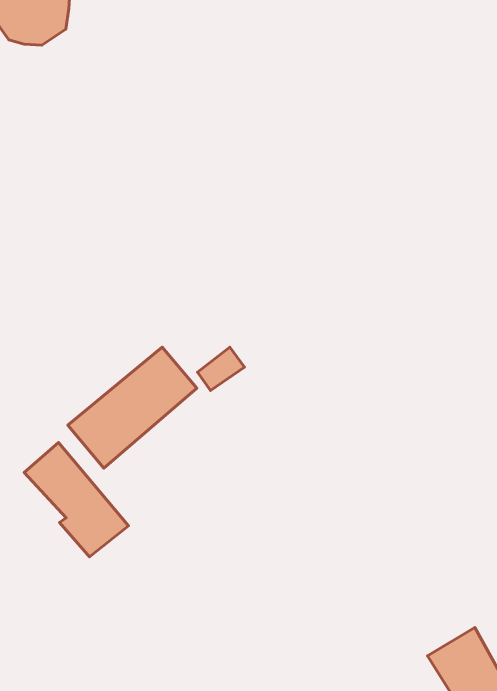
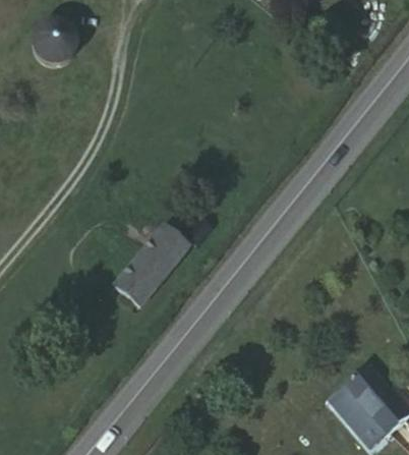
building: [24,442,128,557] -> none

